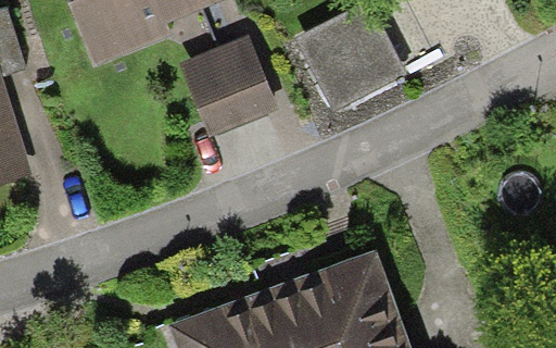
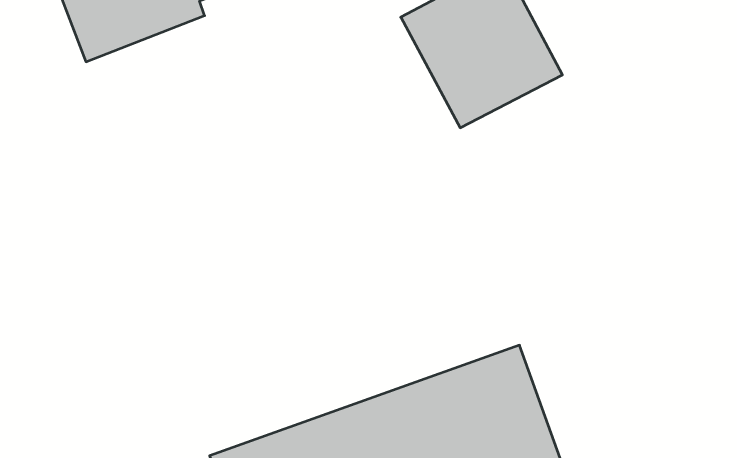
building: [174,36,277,135] -> none

